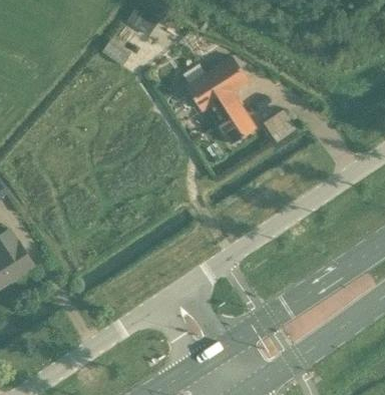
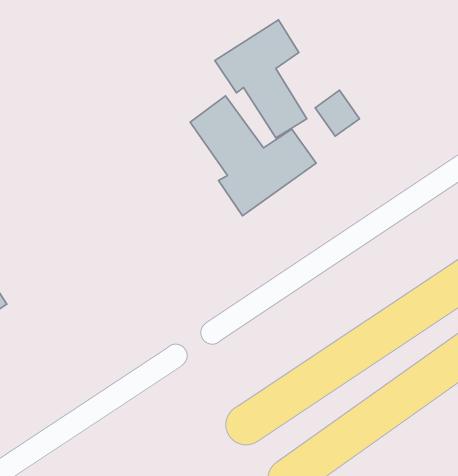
building: none -> [190,96,316,216]

